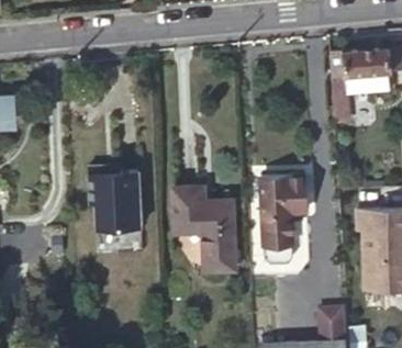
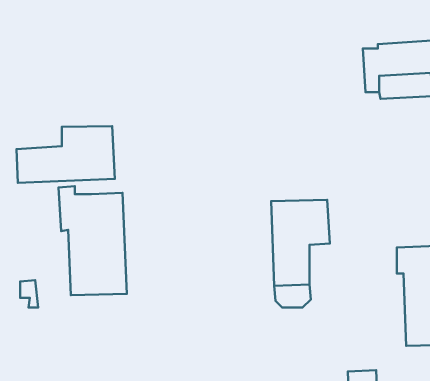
building: none -> [17,126,115,183]
building: [175,187,234,269] -> none

